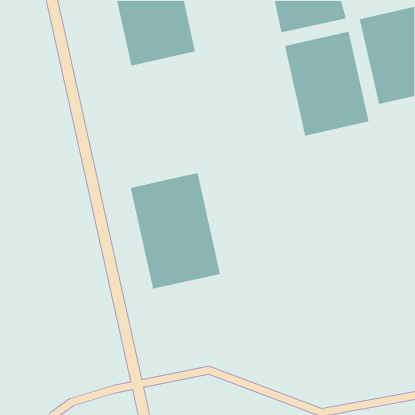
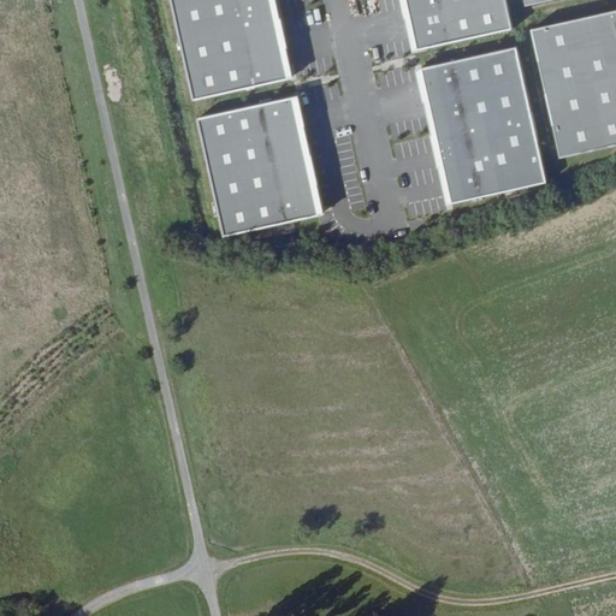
building: none -> [199,95,321,235]
building: [130,172,221,290] -> none

